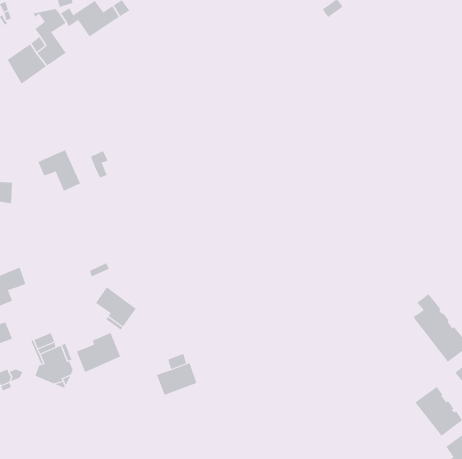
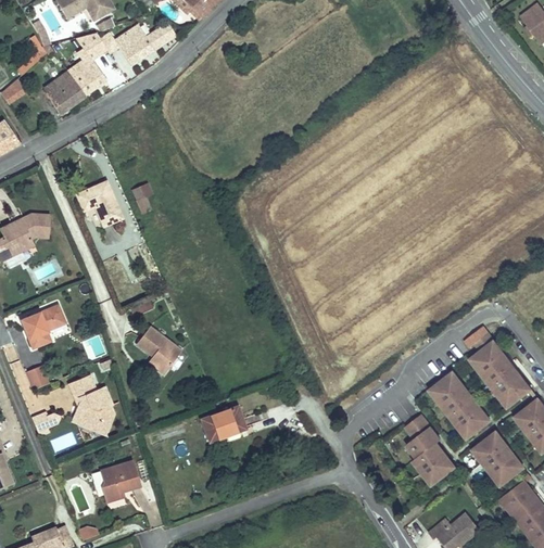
building: none -> [430,371,490,437]
building: [76,332,121,373] -> none
building: none -> [405,415,454,485]
building: none -> [100,461,139,502]

